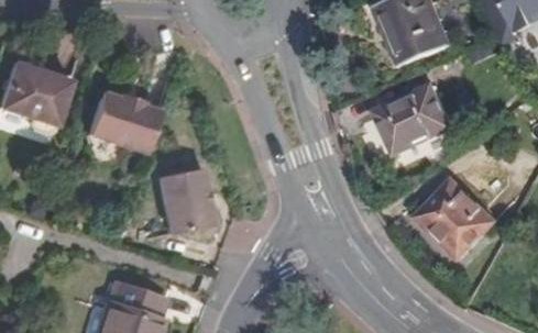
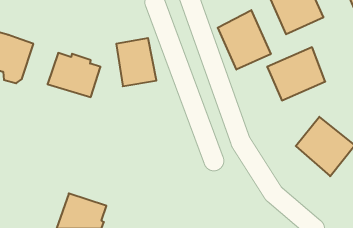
building: none -> [218,10,271,70]
building: [160,167,213,232] -> [116,38,156,86]

